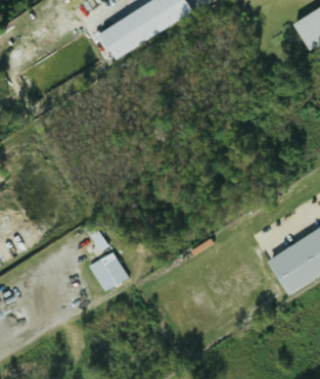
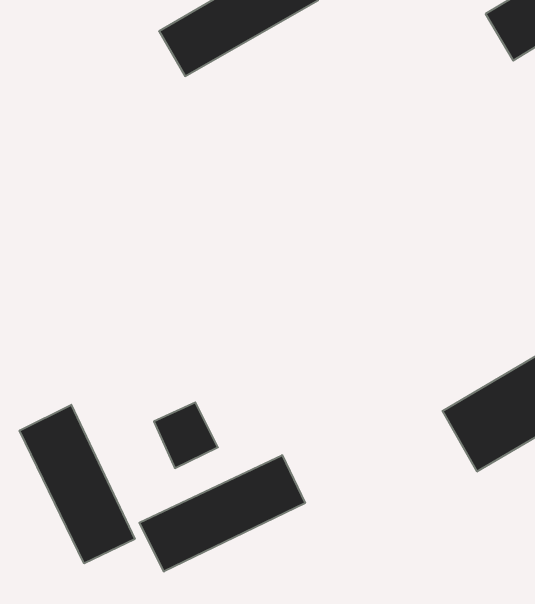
building: none -> [20,405,135,563]
building: none -> [139,455,305,572]

